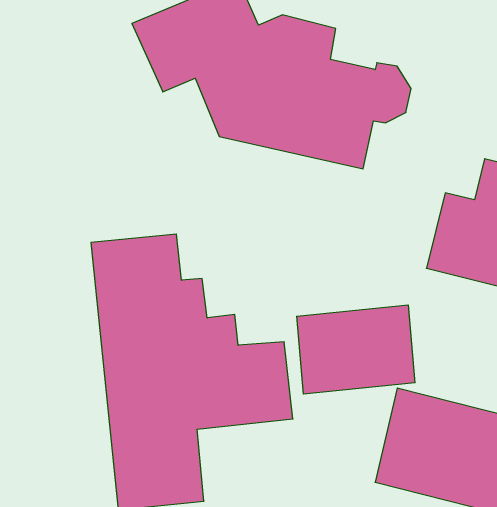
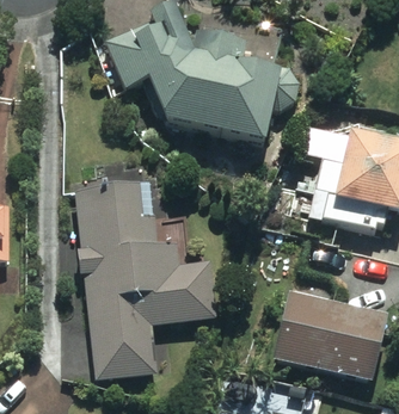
building: [297,305,415,394] -> none

